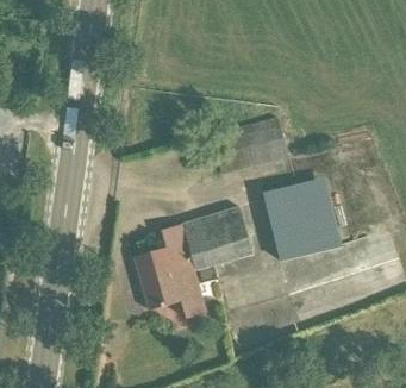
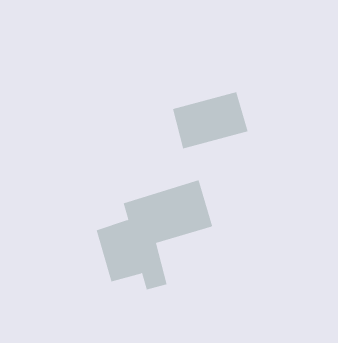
building: [262,179,342,259] -> none

